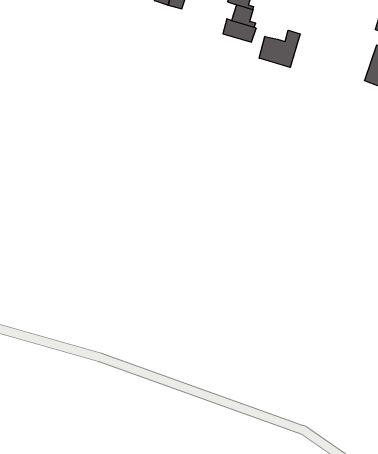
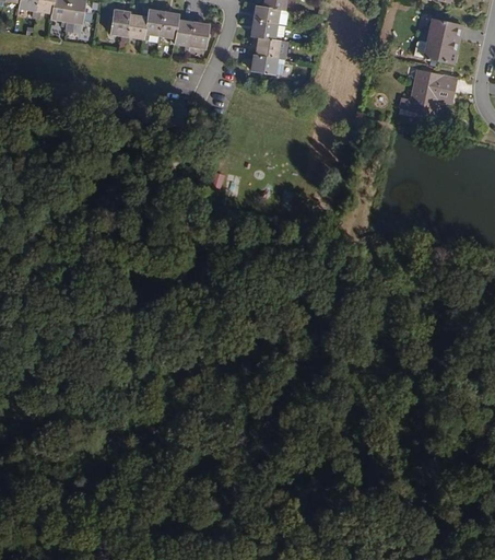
building: [259,30,300,67] -> none

